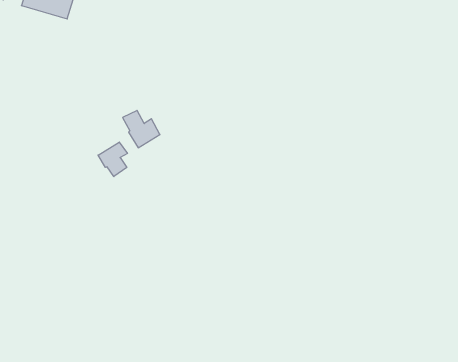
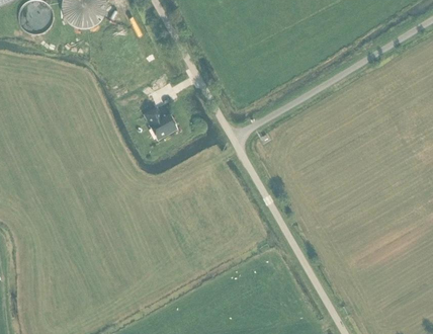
building: [98,142,127,177] -> none

